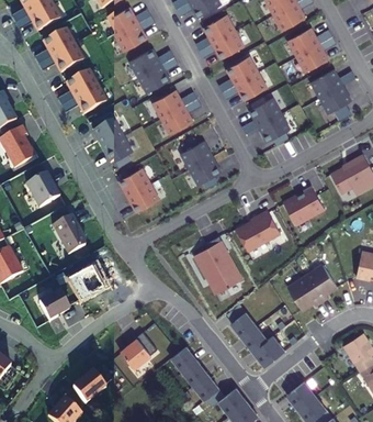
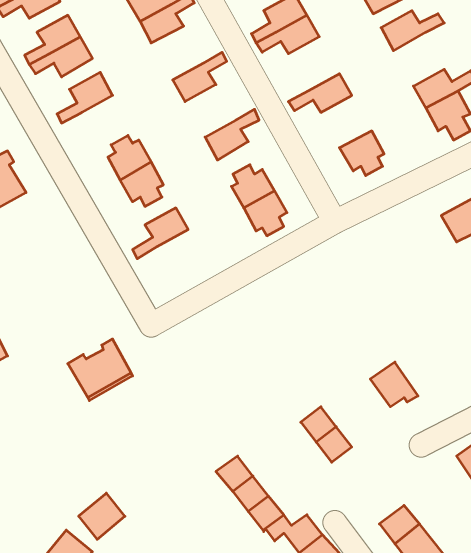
building: [296,36,336,71] -> none
building: [129,48,174,77] -> none
building: [218,56,258,92] -> none
building: [60,88,105,115] -> none
building: [152,89,197,118] -> none
building: [241,98,281,133] -> none
building: [24,174,58,209] -> none
building: [114,184,159,212] -> none
building: [283,184,324,223] -> none
building: [236,209,281,251] -> none
building: [52,215,84,256] -> none
building: [194,236,242,293] -> none
building: [297,266,329,302] -> none
building: [38,292,69,322] -> none
building: [121,332,157,368] -> none
building: [252,334,284,365] -> none

